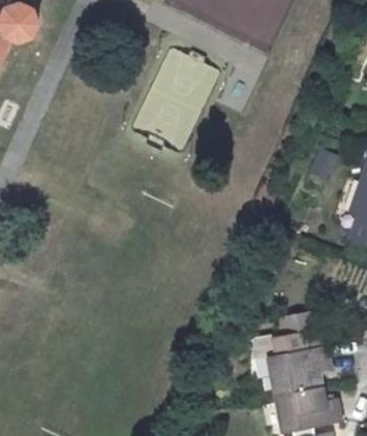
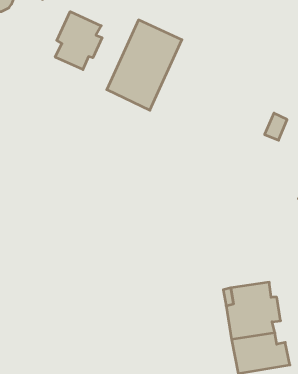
building: none -> [55,12,102,70]

